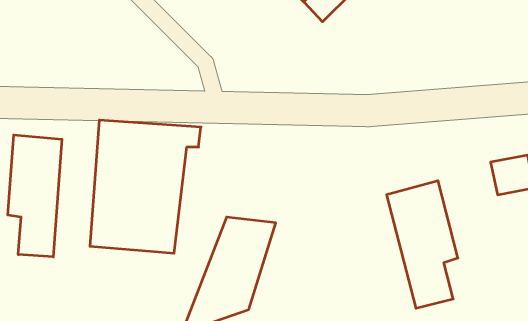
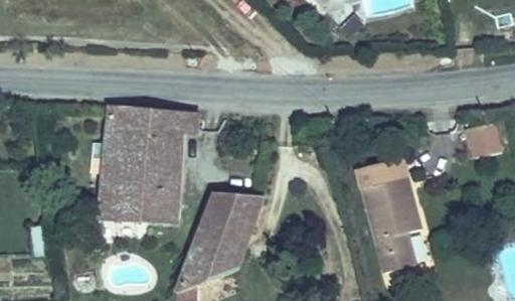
building: [8,135,62,257] -> none

